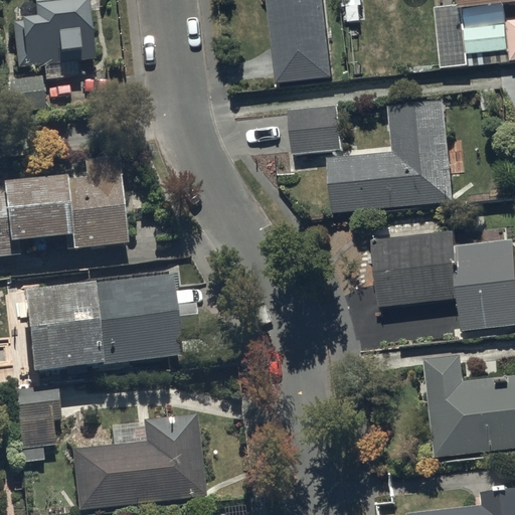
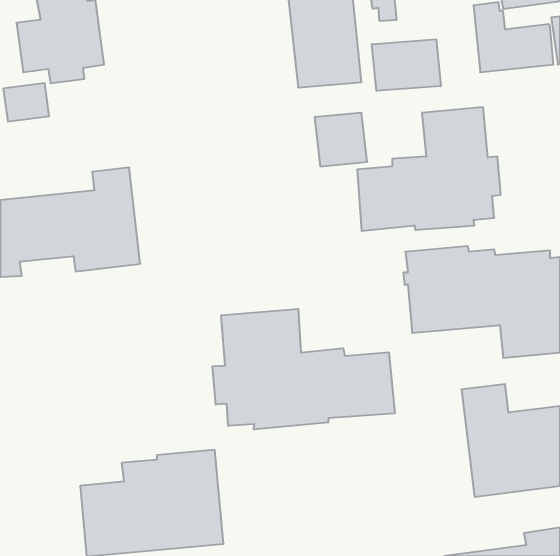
building: none -> [372,39,441,91]
building: [24,277,180,370] -> none
building: none -> [213,309,395,430]
building: [15,385,64,463] -> none

